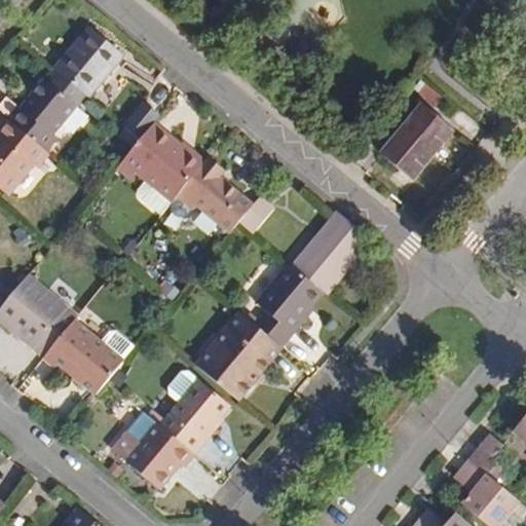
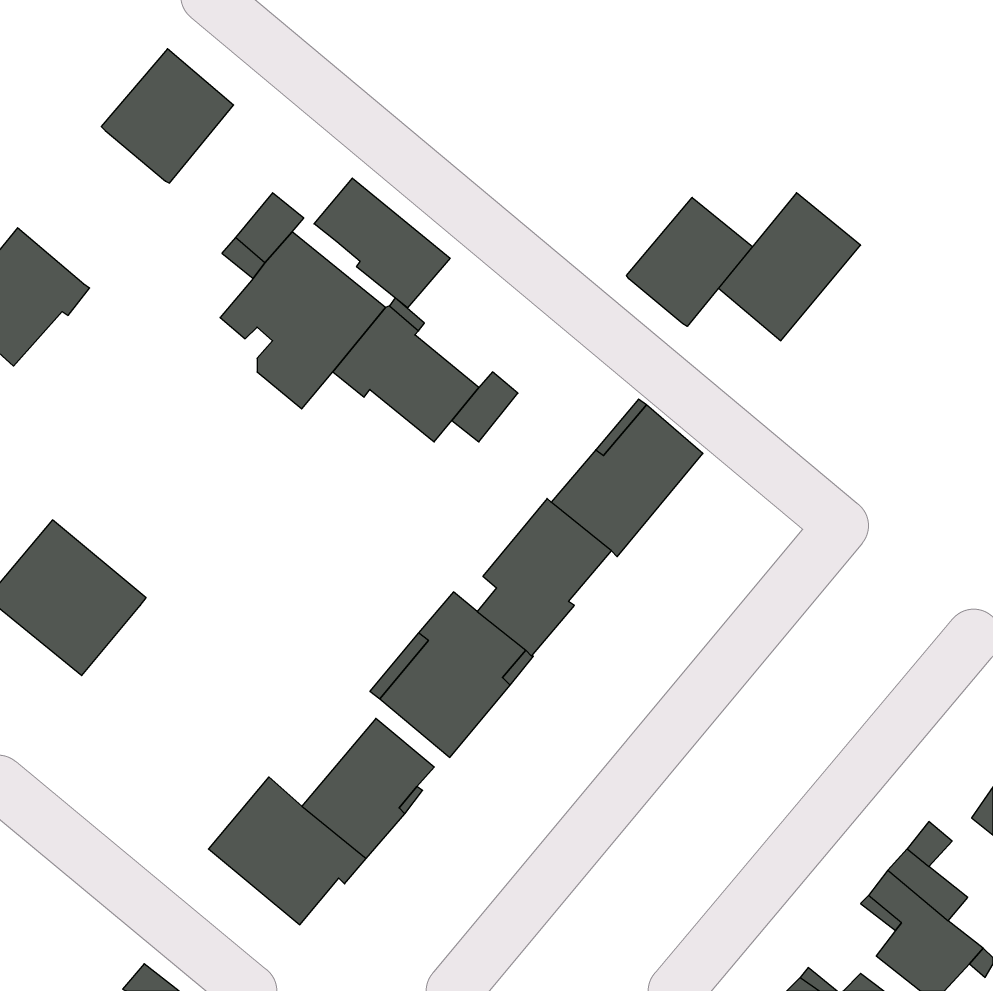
building: [9,69,87,150] -> none
building: none -> [314,178,450,308]
building: none -> [627,197,753,326]
building: [43,320,123,393] -> none

